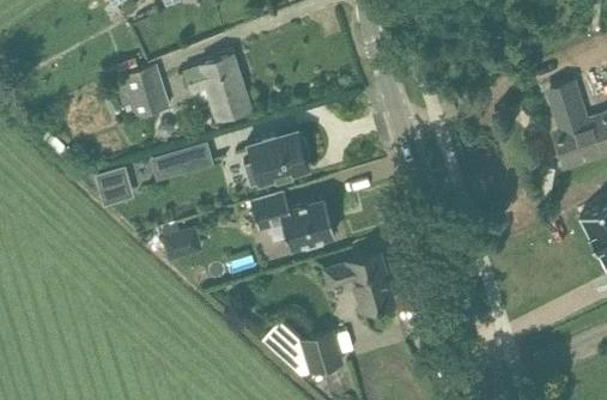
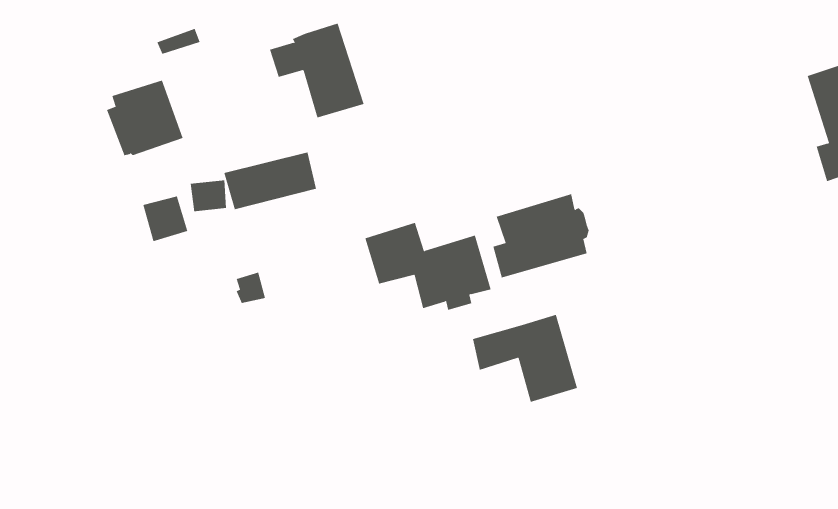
building: [117,67,170,119] -> [106,80,184,156]
building: [243,129,309,187] -> [492,193,589,278]
building: [262,321,341,376] -> none

